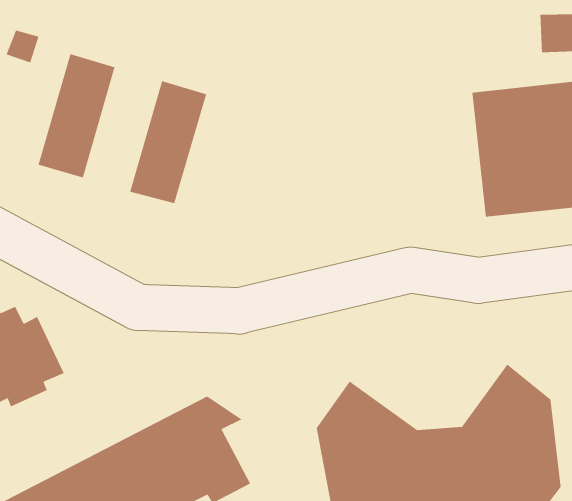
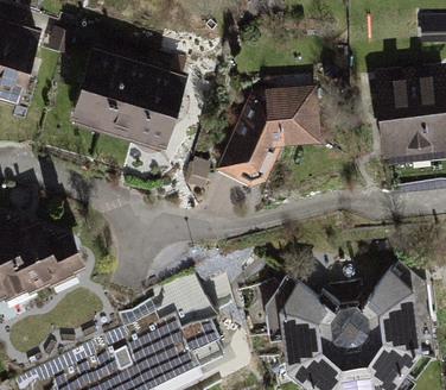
building: none -> [101,55,155,143]
building: none -> [216,88,321,188]

